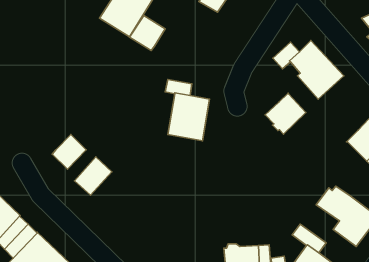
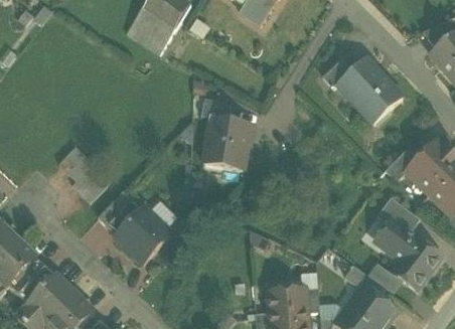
building: [129,15,165,50] -> none
building: [265,93,306,134] -> none
building: none -> [58,146,94,180]
building: none -> [385,147,419,181]
building: none -> [376,197,420,232]
building: none -> [112,203,172,264]

